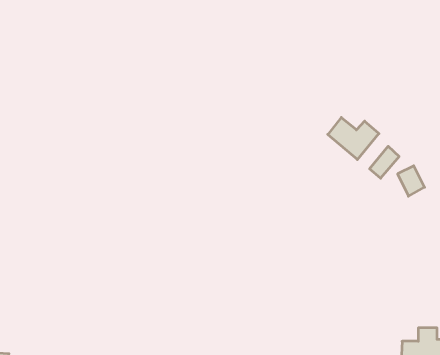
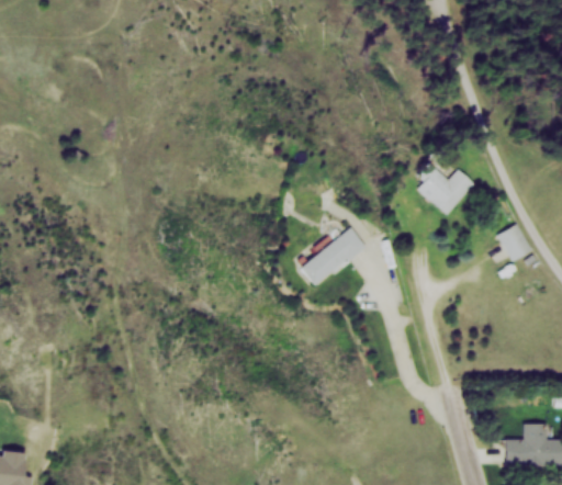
building: [370,146,399,178] -> none
building: none -> [293,228,361,289]

